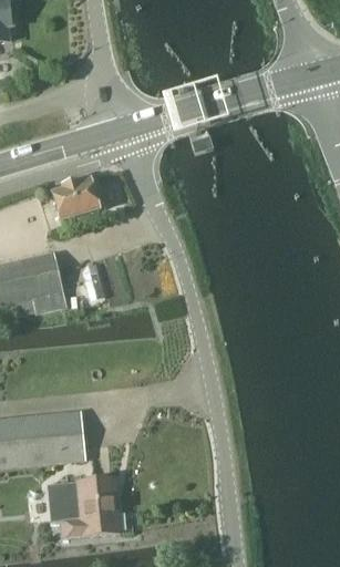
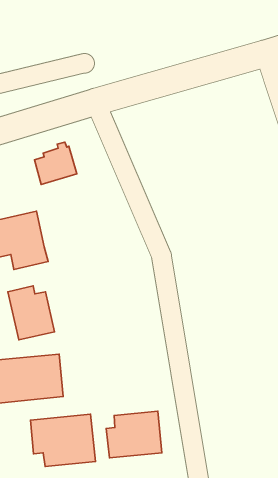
building: none -> [8,286,55,340]
building: none -> [106,411,162,458]

